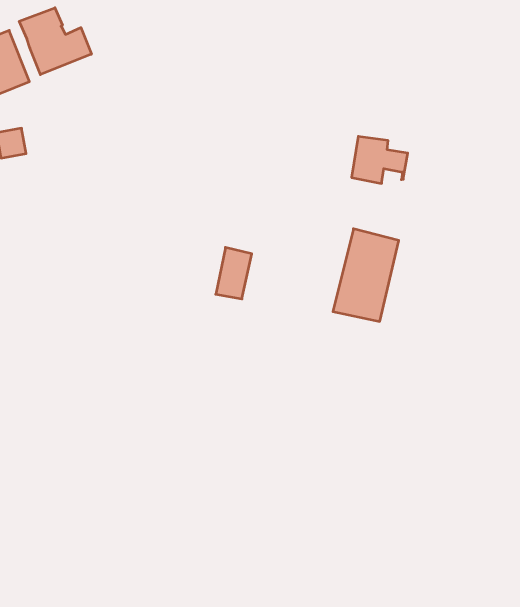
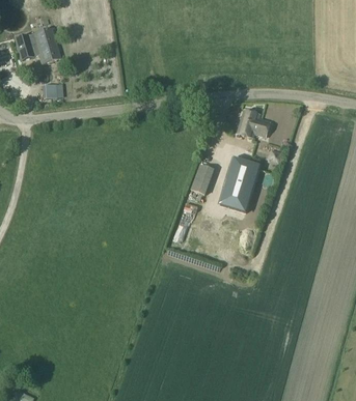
building: [19,8,91,75] -> none
building: [216,247,252,299] -> [191,163,214,193]

